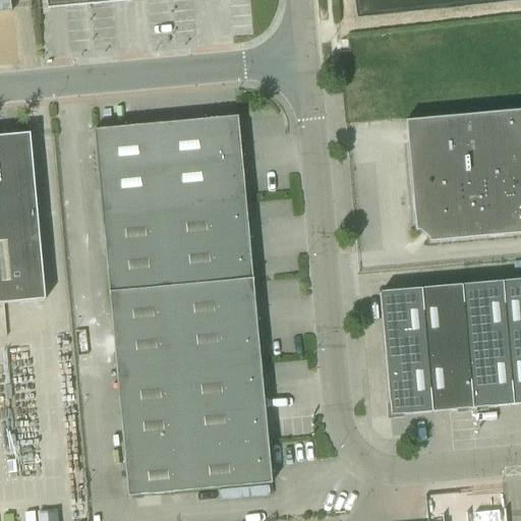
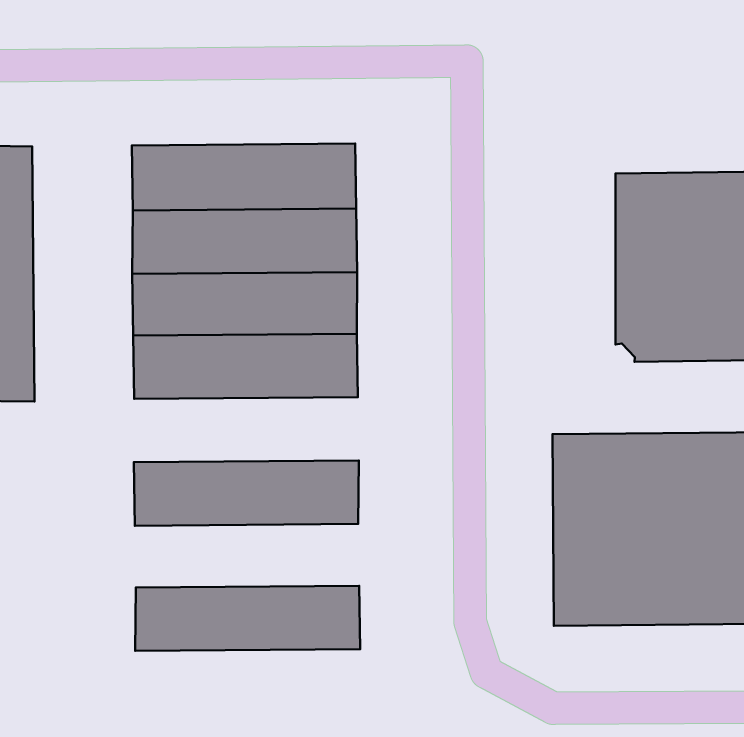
building: [110,277,257,331] -> none
building: [117,358,265,411] -> none
building: [124,439,272,494] -> none

